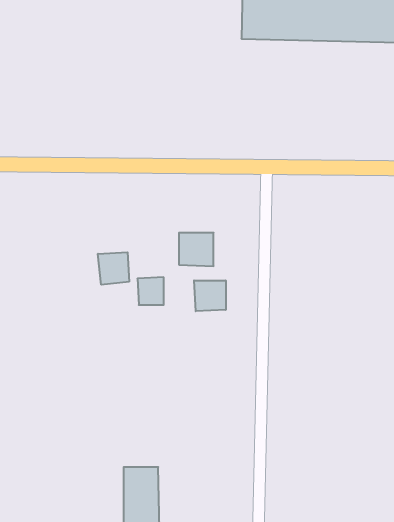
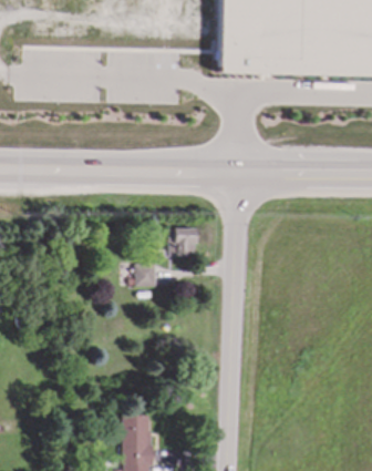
building: [98,252,129,285] -> none
building: [194,280,226,311] -> none

